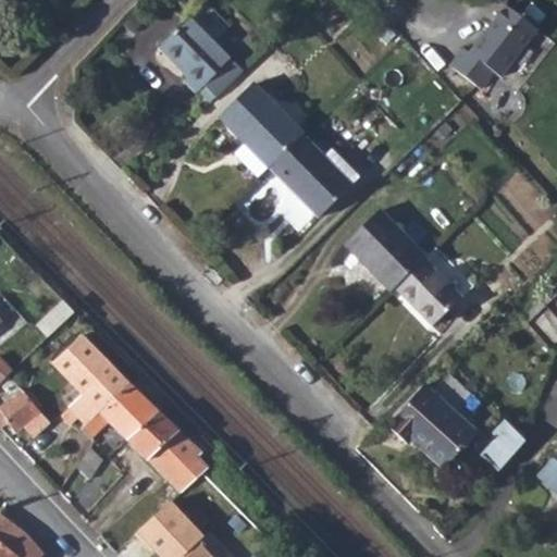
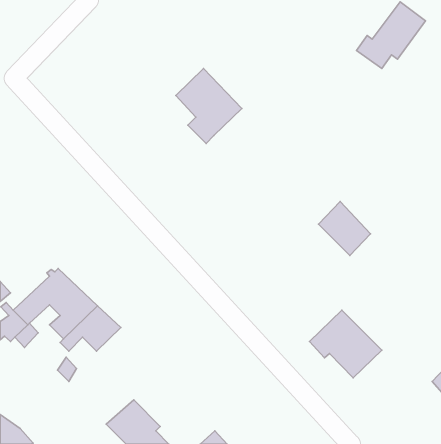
building: [162,18,247,97] -> none
building: [272,136,363,221] -> none
building: [349,203,433,287] -> none
building: [125,410,203,492] -> none
building: [485,430,525,480] -> none

